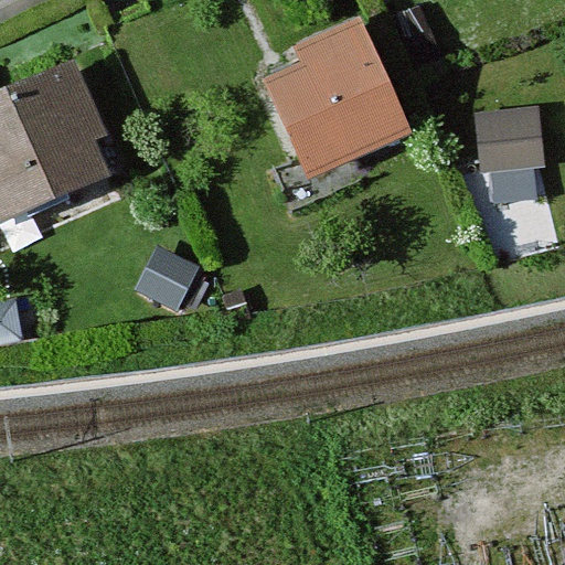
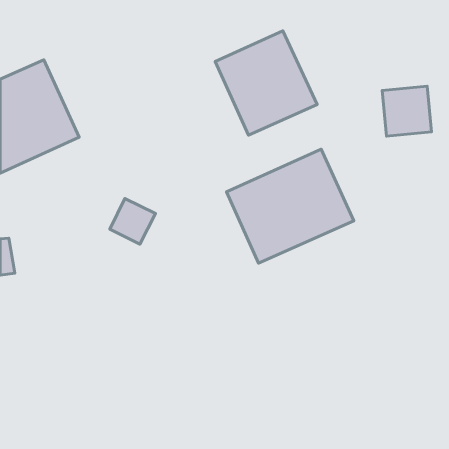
building: none -> [226,149,354,263]

